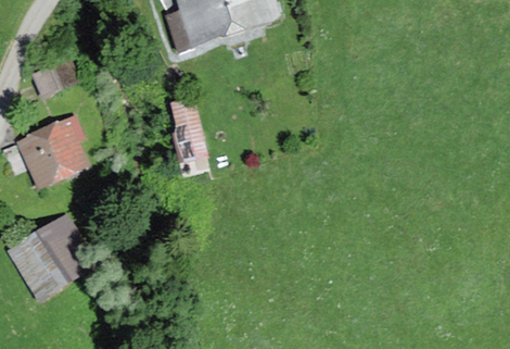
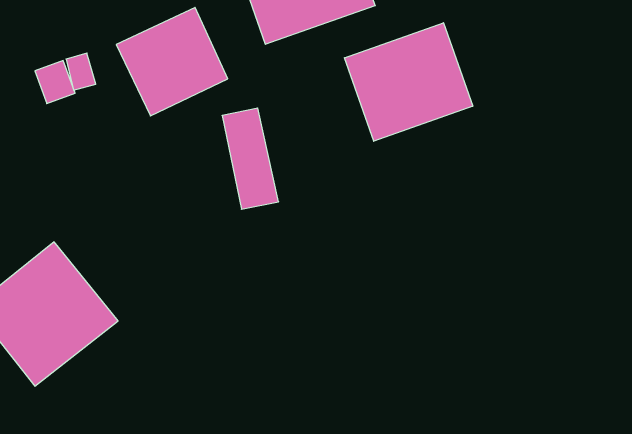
building: none -> [344,23,473,141]
building: [13,111,94,190] -> [116,7,228,116]

